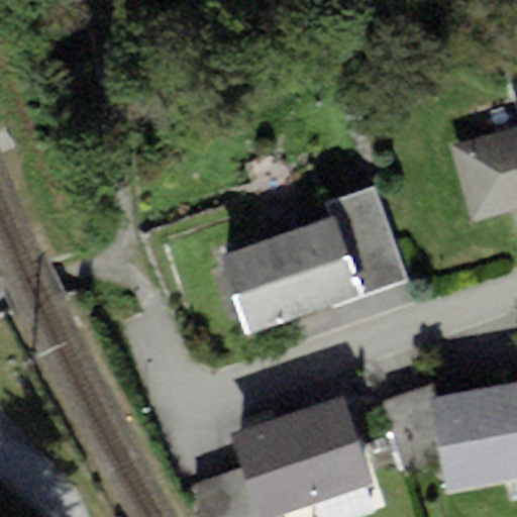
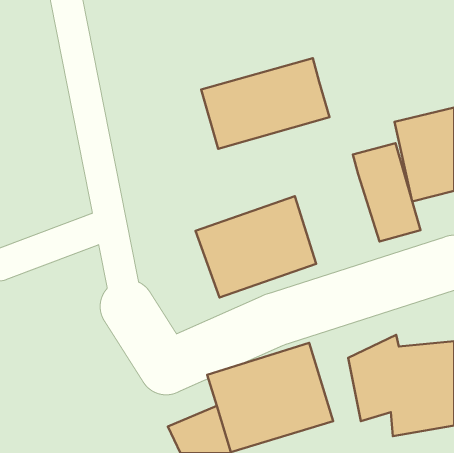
building: none -> [201,58,329,149]
building: [329,188,406,300] -> [353,143,420,242]

